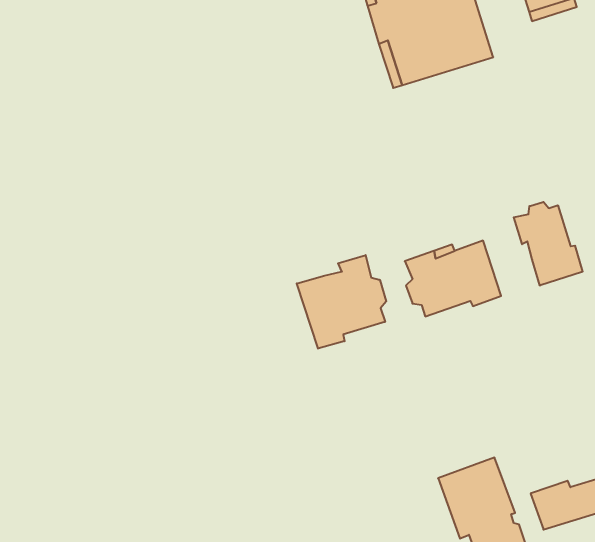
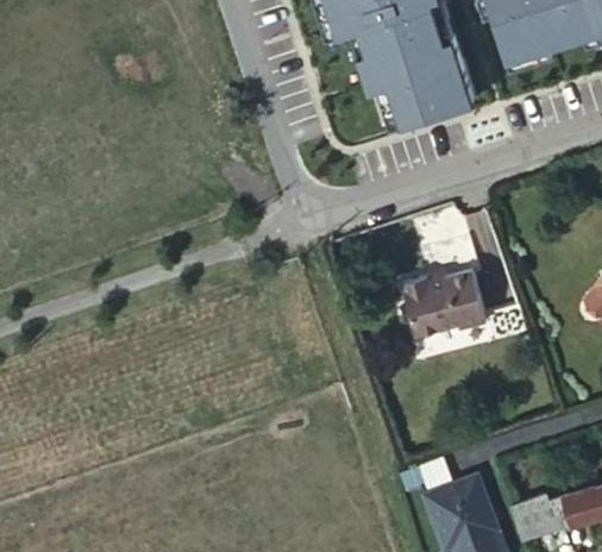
building: [514,202,583,286] -> none
building: [297,255,386,349] -> none

